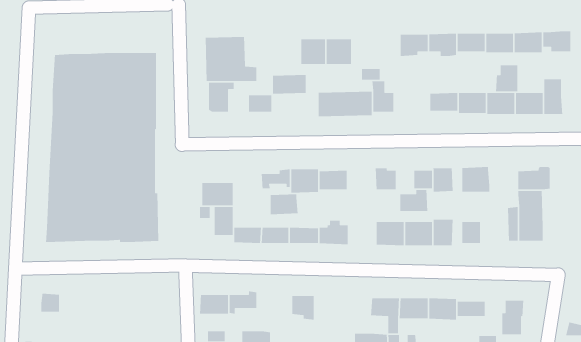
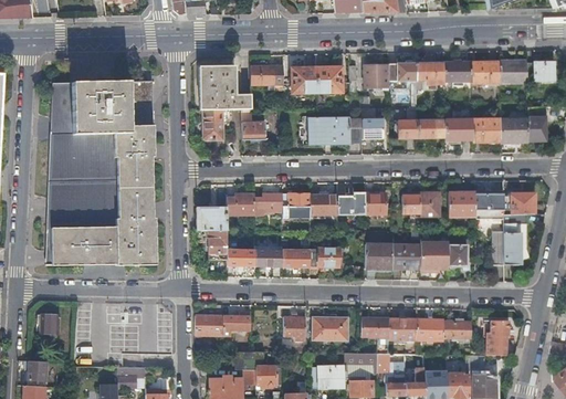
building: none -> [364,65,388,87]
building: [495,64,518,92] -> none
building: [272,74,306,95] -> [250,65,283,85]
building: none -> [398,107,417,138]
building: none -> [474,190,502,220]
building: [400,189,428,212] -> [337,192,365,214]
building: [270,193,298,215] -> [227,193,254,214]
building: none -> [312,317,347,340]

